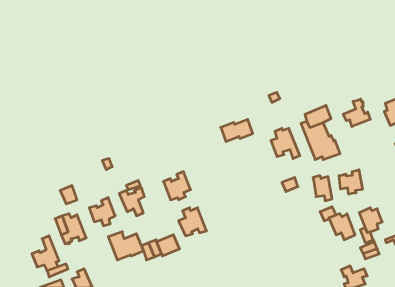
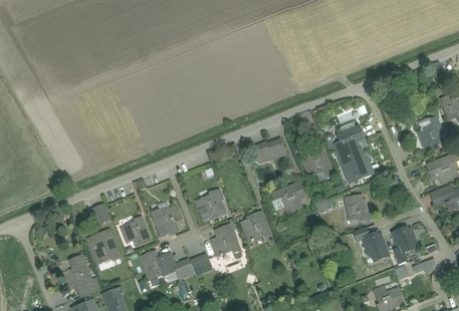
building: [343,99,370,127] -> none
building: none -> [272,185,304,212]
building: [339,170,362,194] -> none
building: none -> [241,213,272,242]

